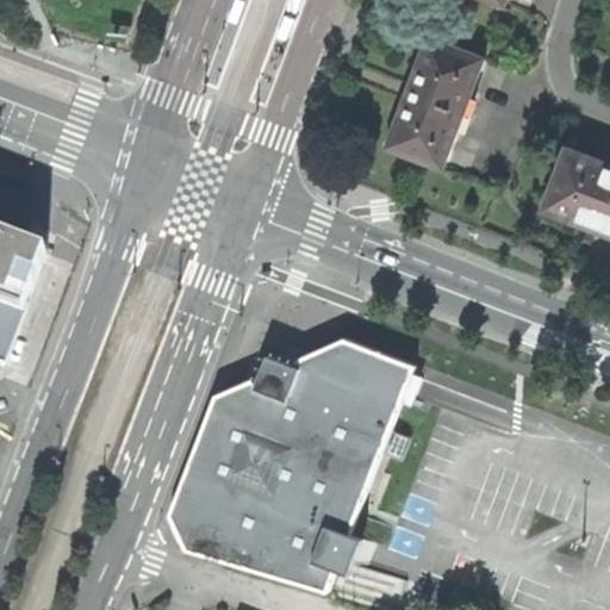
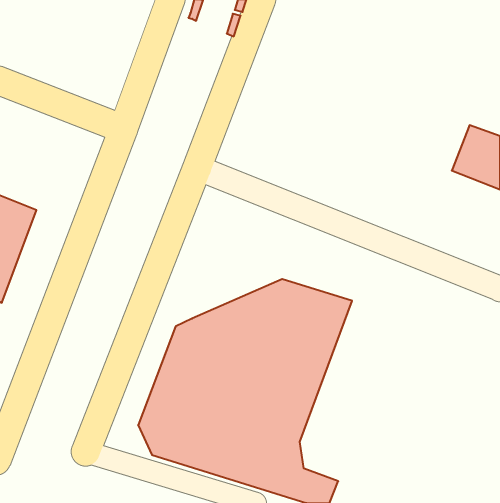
building: [381,37,480,168] -> none

